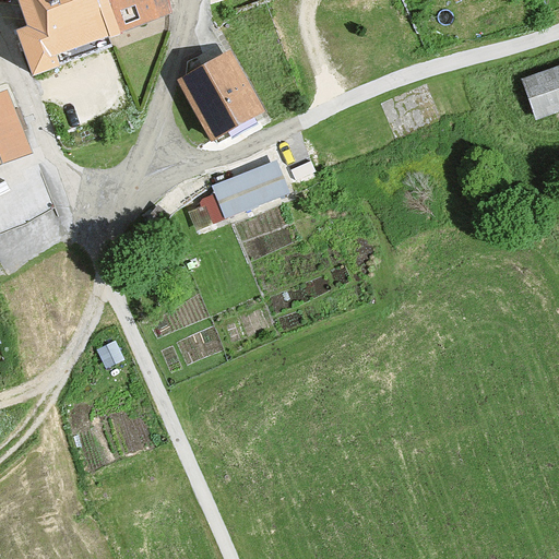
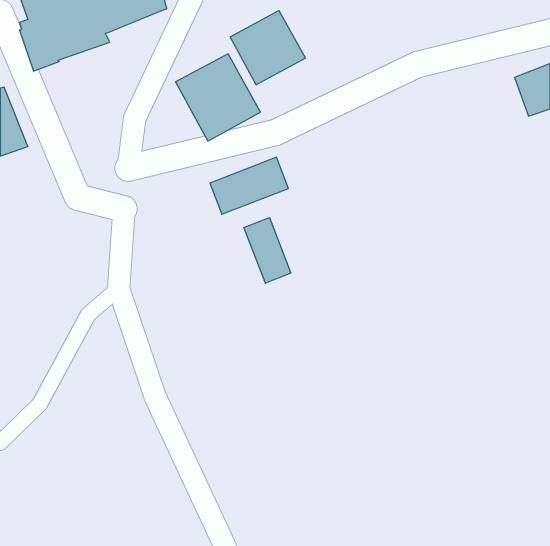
building: none -> [230,11,305,85]
building: none -> [244,218,291,283]

